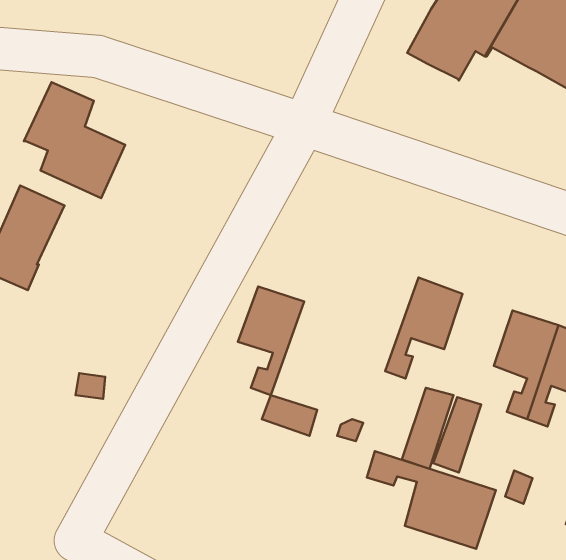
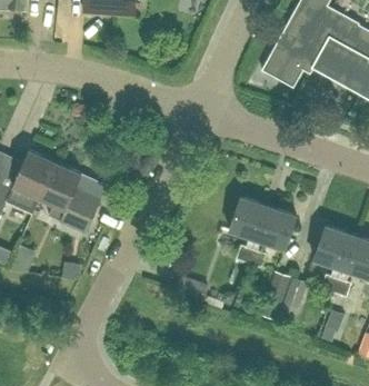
building: [24,82,125,198] -> [39,162,100,232]
building: [238,287,304,395] -> [229,197,269,263]
building: [367,451,496,549] -> none

